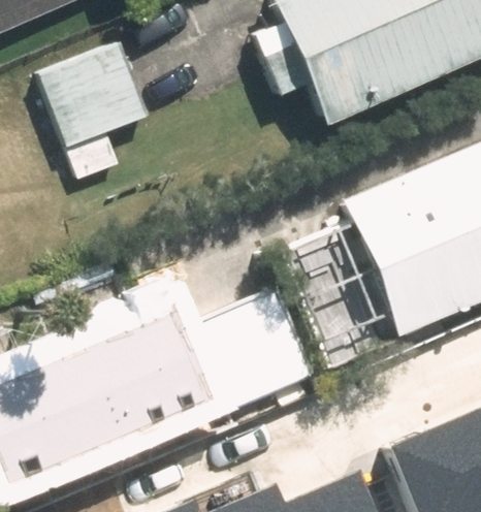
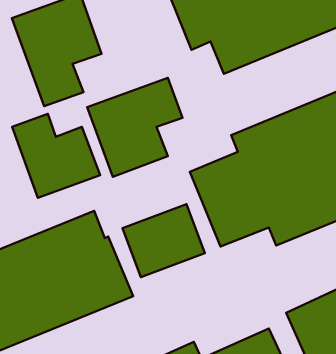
building: none -> [87,78,182,177]
building: none -> [12,114,100,198]

